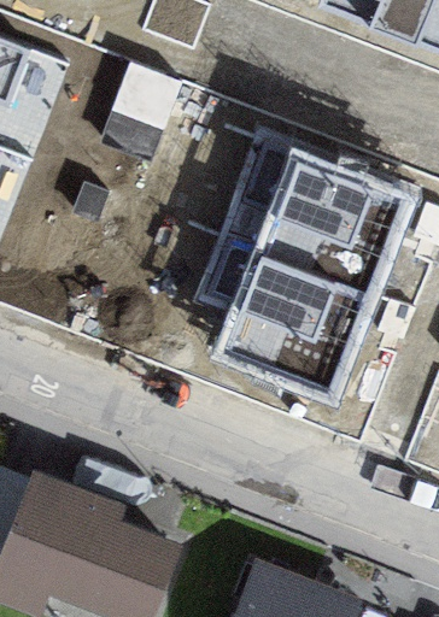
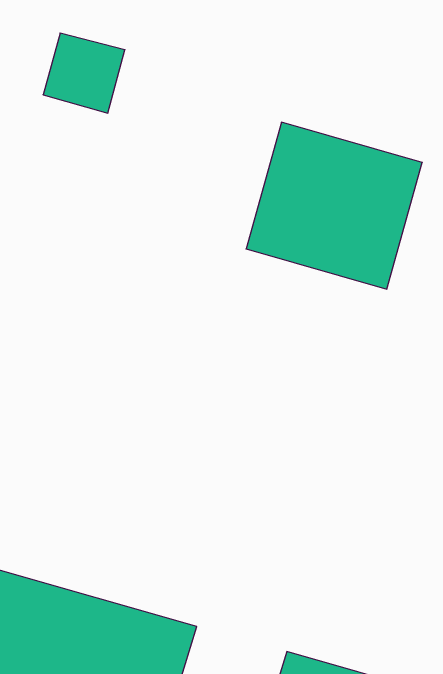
building: [221,248,365,386] -> none

